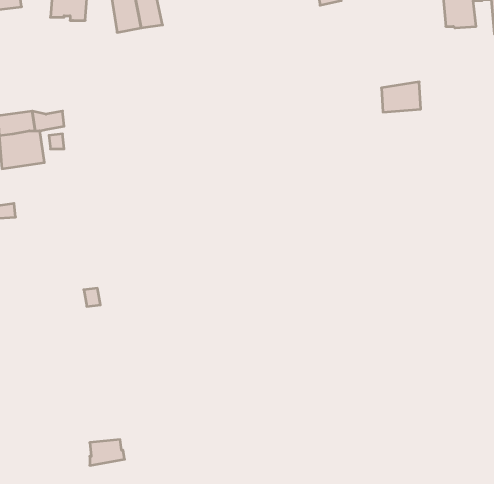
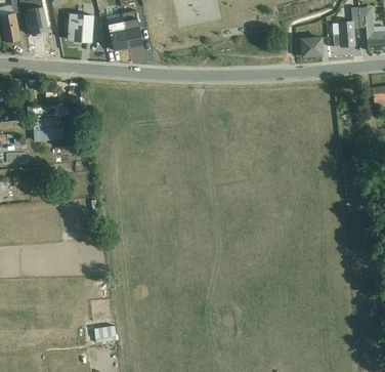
building: [381,82,421,112] -> [295,36,322,56]

